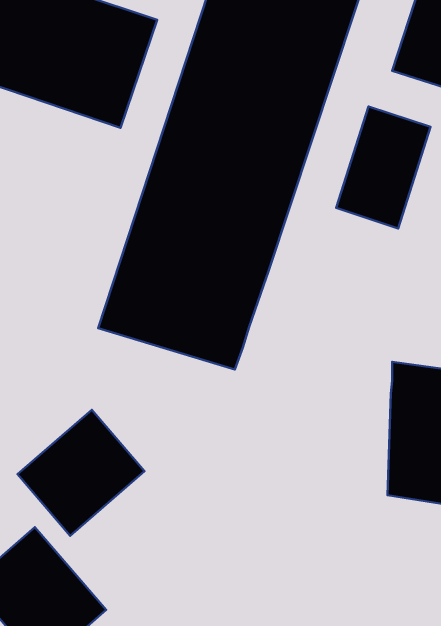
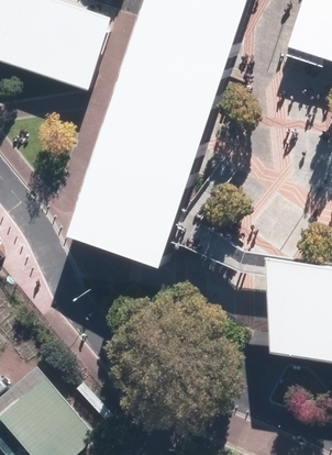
building: [336,106,431,228] -> none
building: [17,410,144,536] -> none

